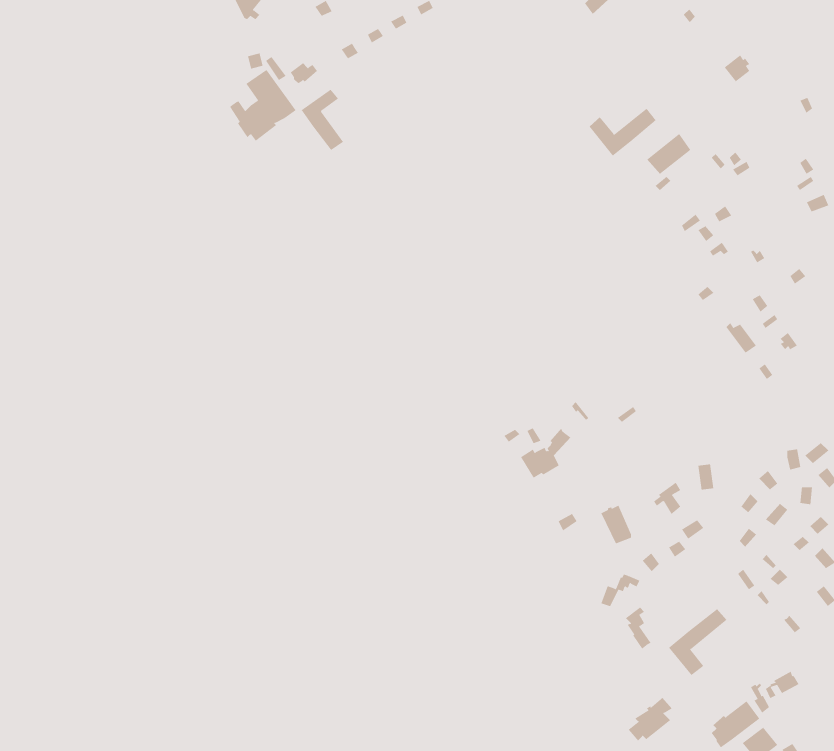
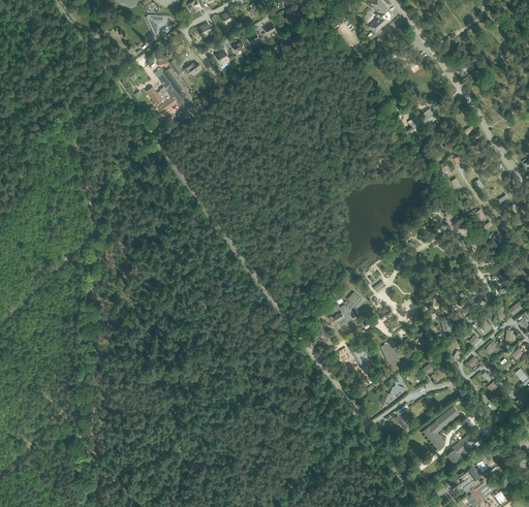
building: [301,89,344,151] -> none
building: [589,108,656,157] -> none
building: [628,697,672,741] -> [447,434,475,462]

